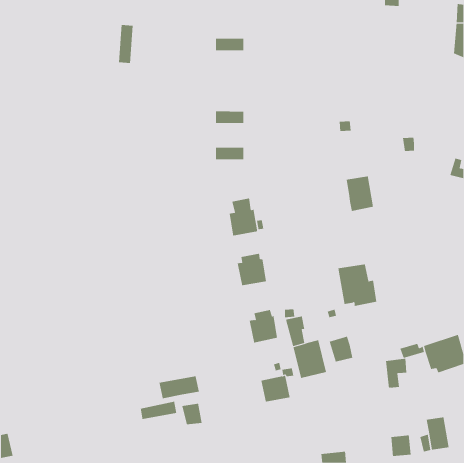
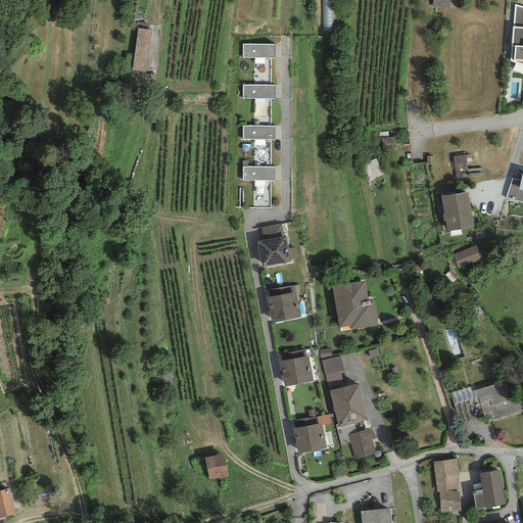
building: none -> [242,84,275,98]
building: [346,176,374,211] -> [441,191,473,231]
building: none -> [453,244,481,268]
building: [337,264,377,306] -> [332,281,377,329]
building: [329,336,353,362] -> [347,428,375,458]
building: [385,358,407,388] -> [434,458,459,491]
building: [159,375,200,399] -> none
building: [140,401,177,420] -> none

